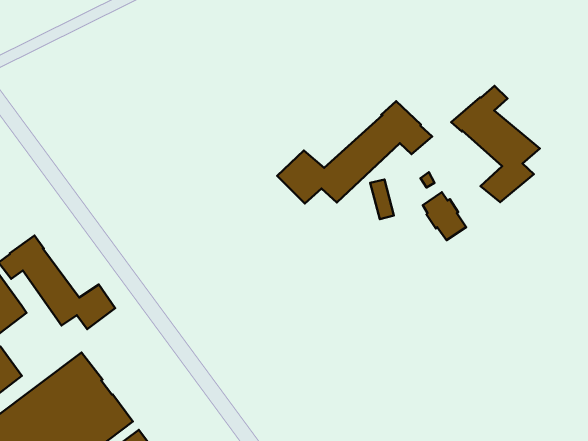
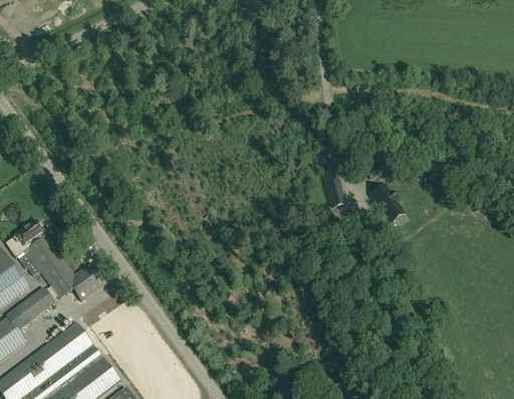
building: [451,86,540,202] -> none
building: [277,101,432,204] -> none
building: none -> [13,286,55,325]

